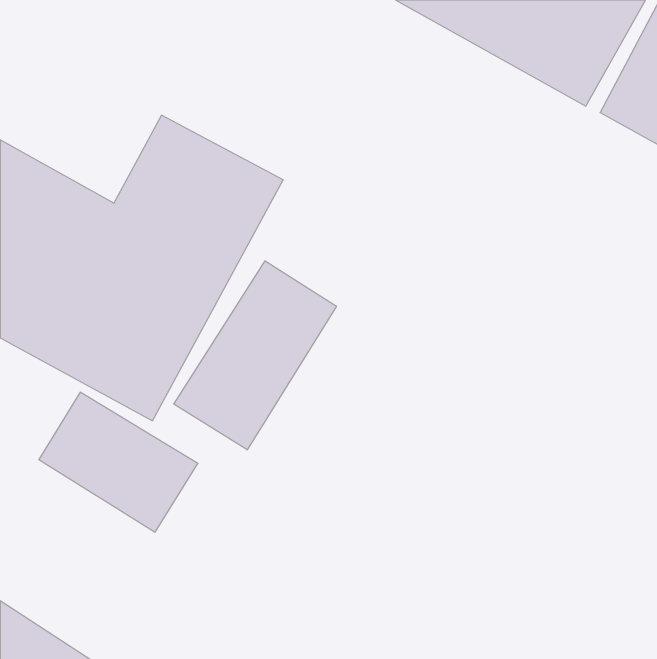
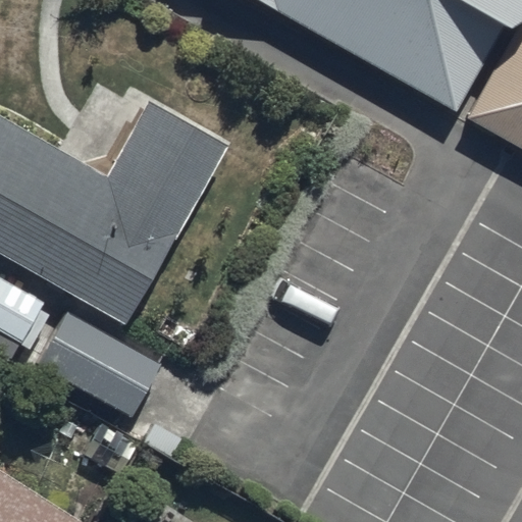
building: [174,261,336,450] -> none

